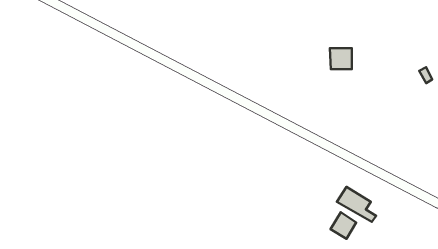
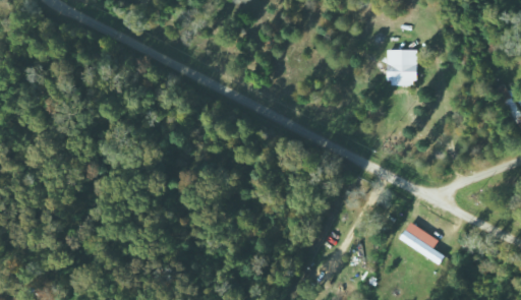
building: [331,212,356,239] -> none

